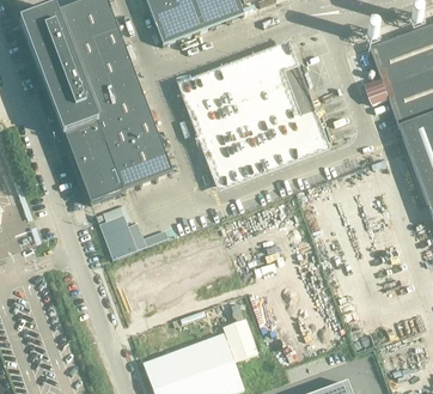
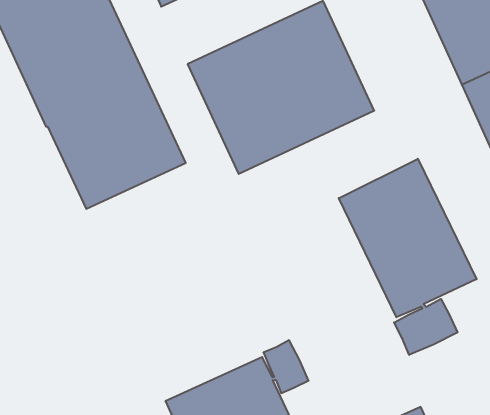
building: none -> [339,159,477,355]
building: [99,211,138,256] -> none

